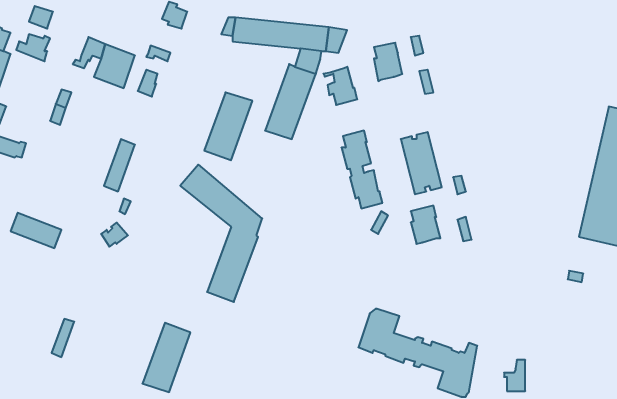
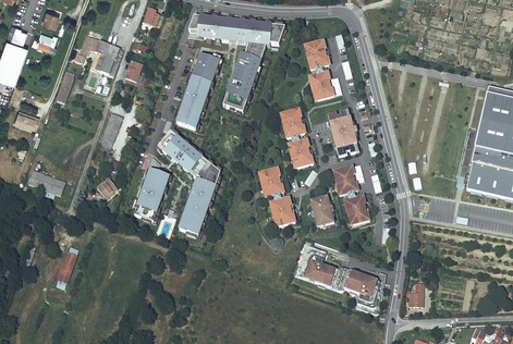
building: none -> [192,56,220,84]
building: [323,67,357,105] -> [307,70,333,99]
building: none -> [260,167,294,224]
building: none -> [343,189,369,222]
building: none -> [309,194,333,225]
building: [142,323,190,392] -> [133,170,170,223]

